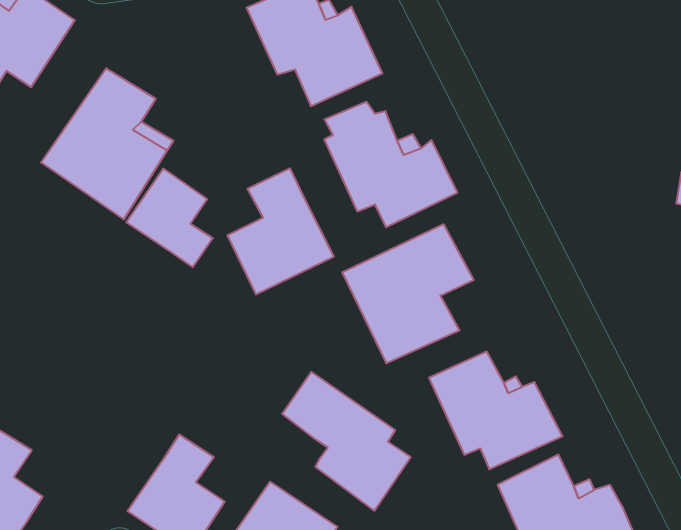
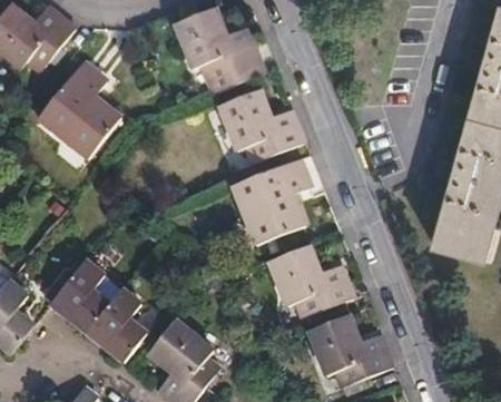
building: [228,168,334,295] -> none
building: [126,169,213,267] -> none
building: [282,372,411,511] -> none
building: none -> [46,257,108,333]

